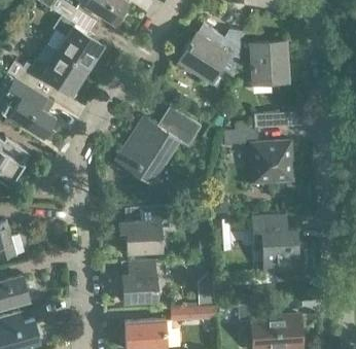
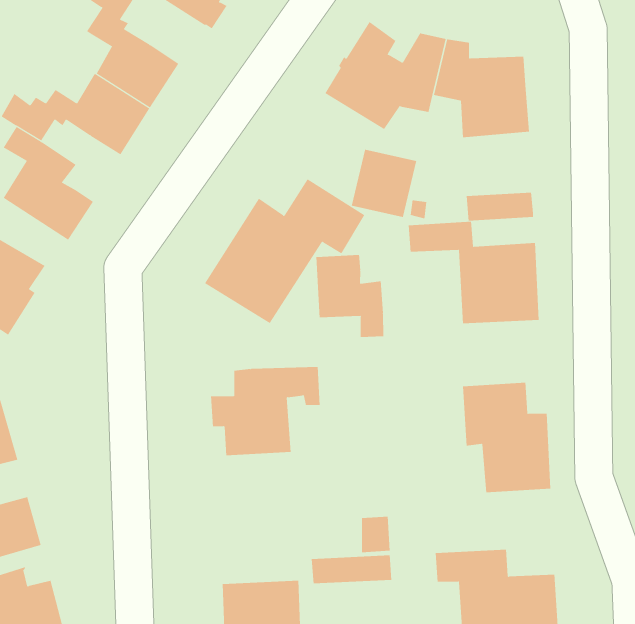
building: none -> [351,149,417,218]
building: none -> [316,254,384,338]
building: [122,260,158,304] -> none

